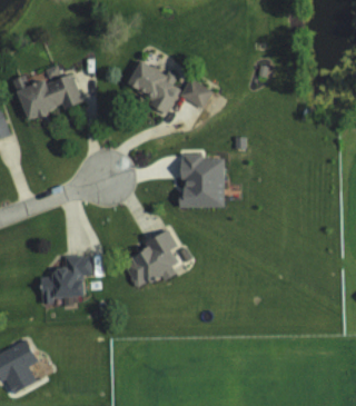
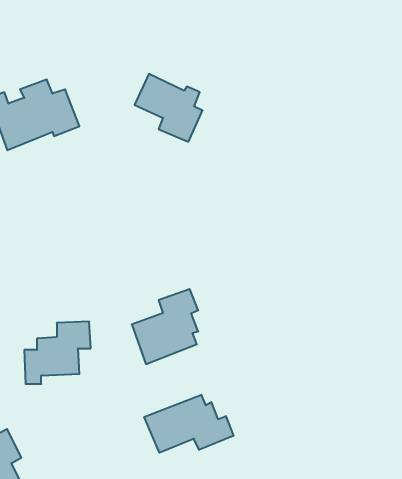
building: [181,79,214,108] -> none
building: [180,152,225,207] -> none
building: none -> [144,395,233,453]

